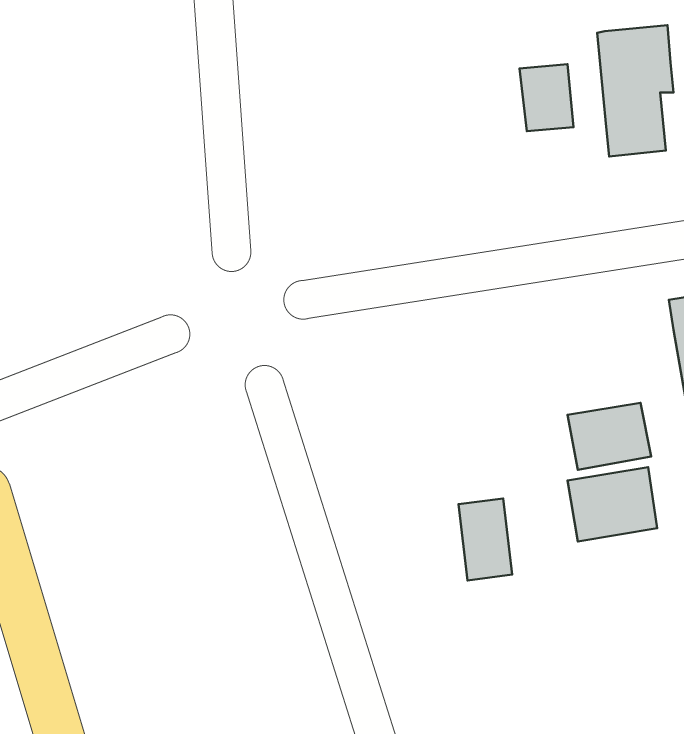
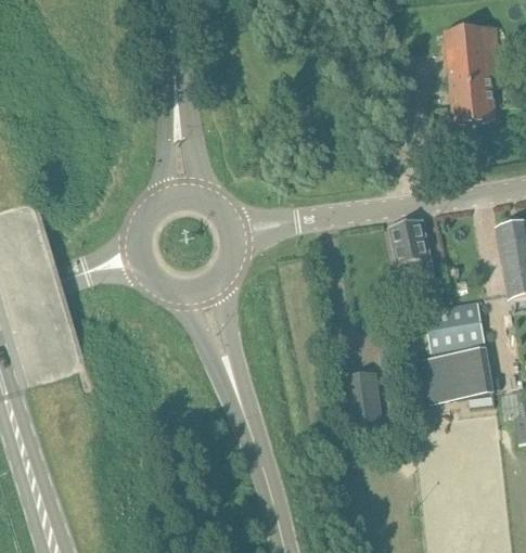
building: [520,64,574,131] -> none
building: none -> [388,216,434,275]

